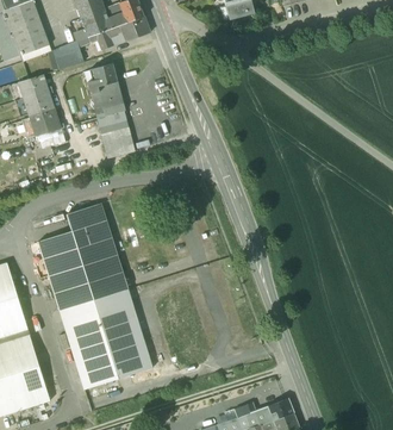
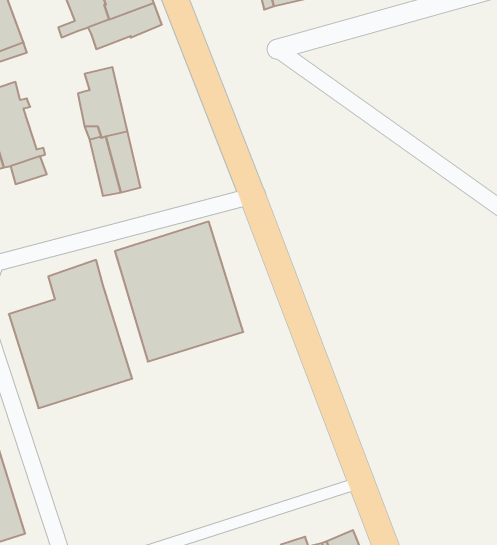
building: [54,35,98,69] -> none
building: [60,288,152,390] -> [115,222,243,362]

